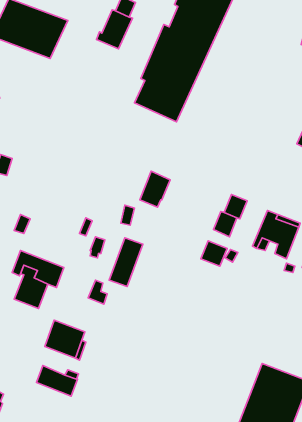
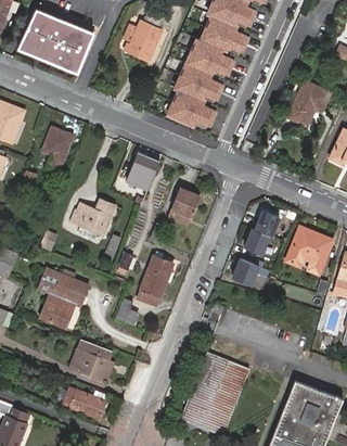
building: none -> [288,81,330,125]
building: none -> [42,126,72,169]
building: none -> [125,154,158,191]
building: none -> [72,199,116,238]
building: none -> [180,352,249,436]

